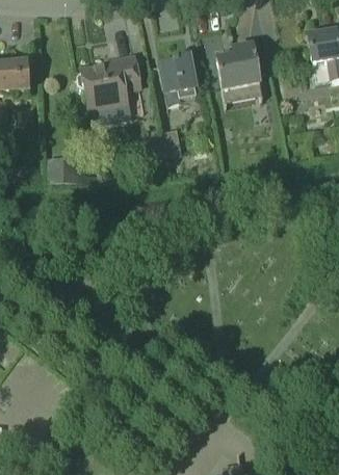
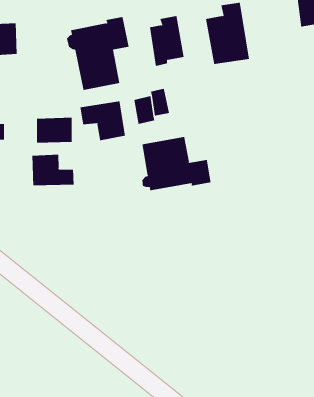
building: none -> [80,100,126,141]
building: none -> [142,136,211,191]
building: none -> [32,154,74,186]

